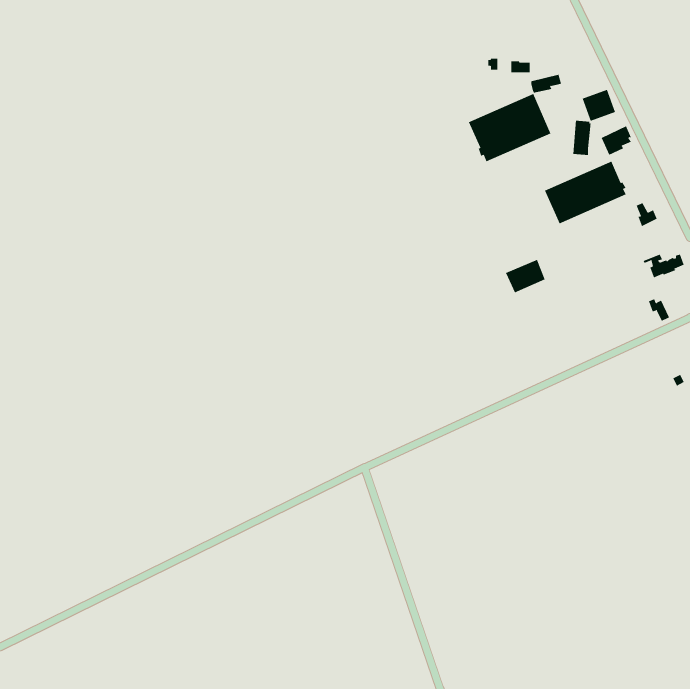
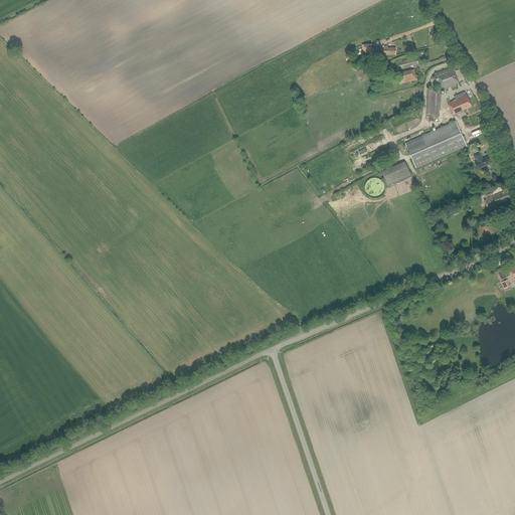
building: [468,93,551,162] -> none
building: [505,259,546,293] -> [381,160,411,185]

